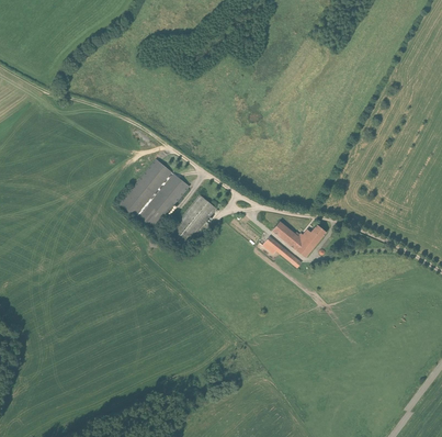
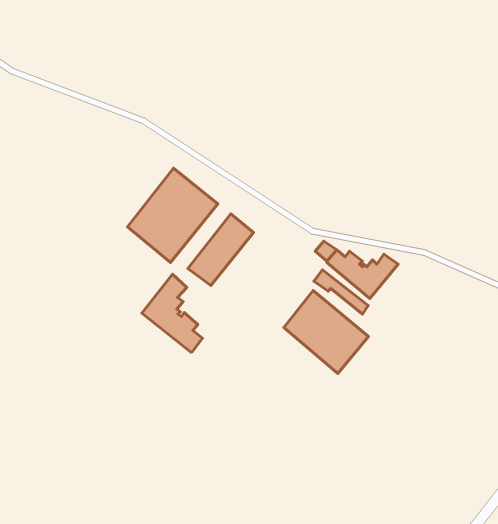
building: none -> [142,274,202,352]
building: none -> [284,291,368,374]

